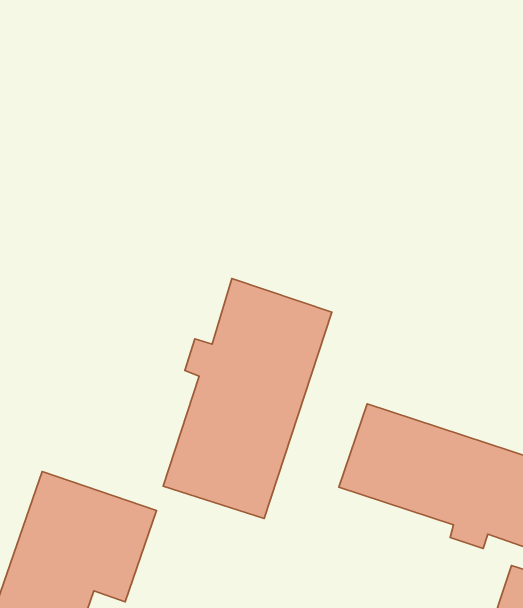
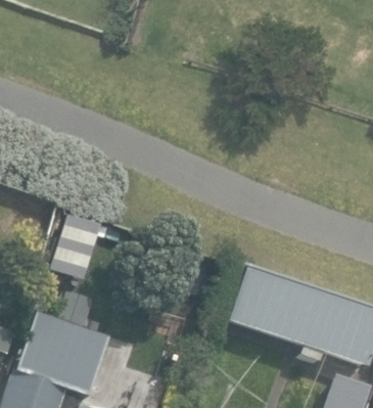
building: [163,279,332,519] -> none

